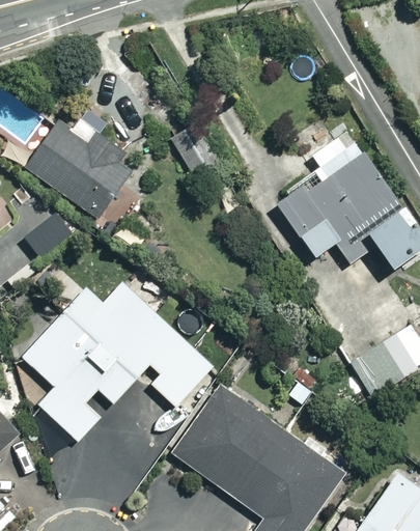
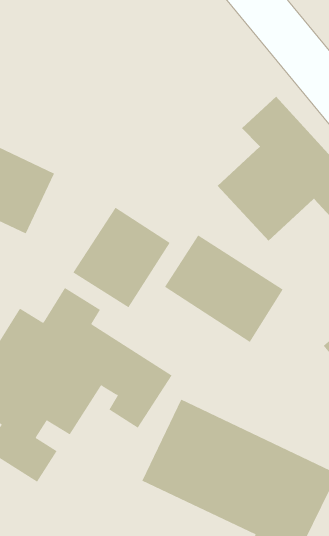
building: none -> [73,207,170,308]
building: none -> [164,234,283,343]

